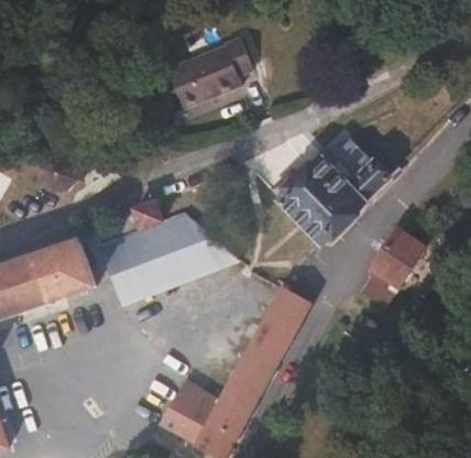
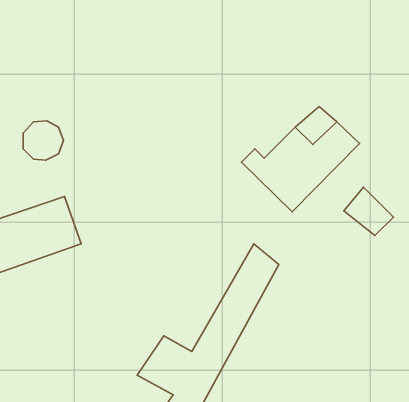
building: [158,36,255,111] -> none
building: [94,205,239,312] -> none
building: [366,249,412,293] -> none

